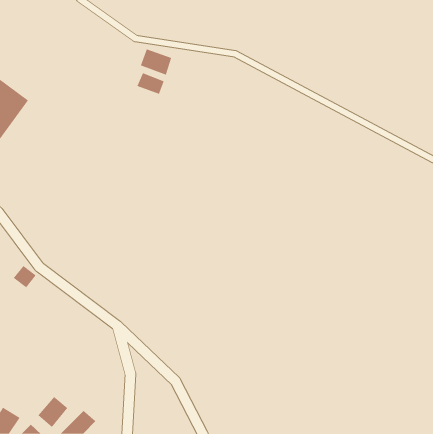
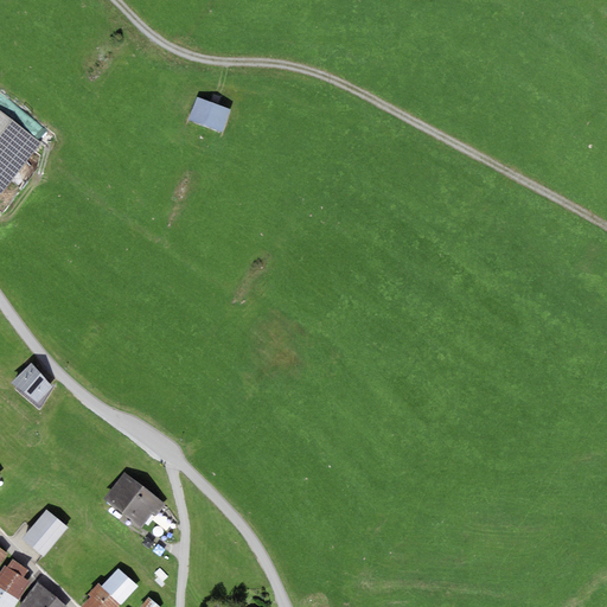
building: [140,48,172,76] -> none
building: none -> [110,477,160,524]
building: [38,396,68,428] -> [23,511,65,555]

